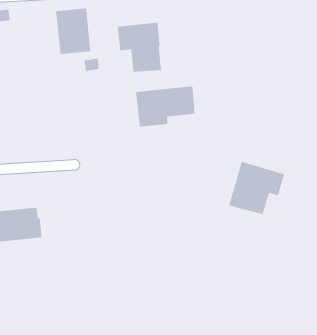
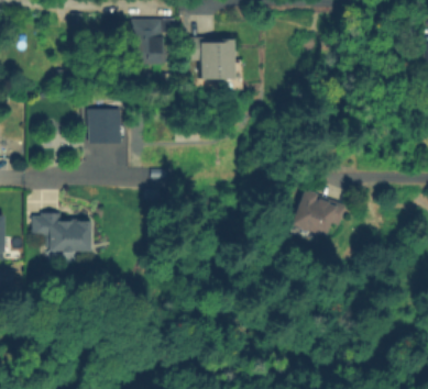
building: [135,85,196,128] -> none
building: none -> [89,108,122,143]

